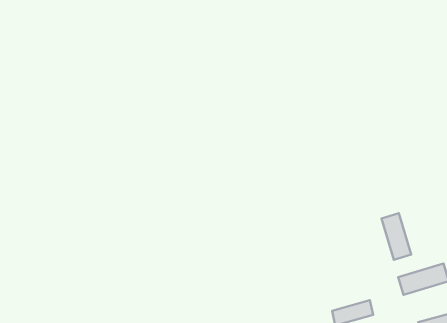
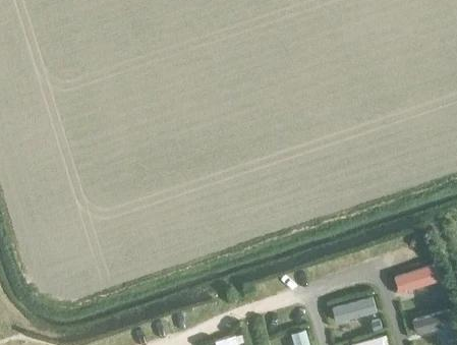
building: [381,213,411,260] -> none

